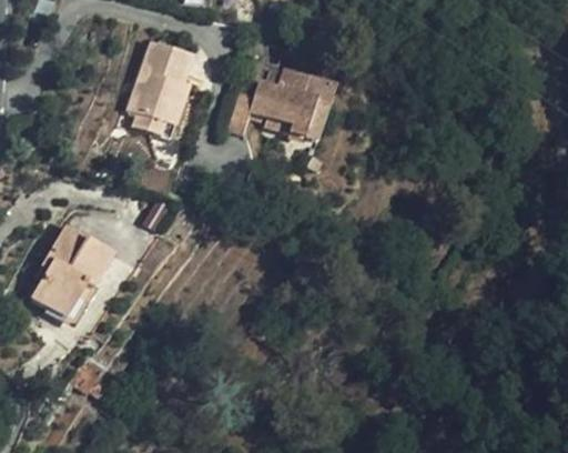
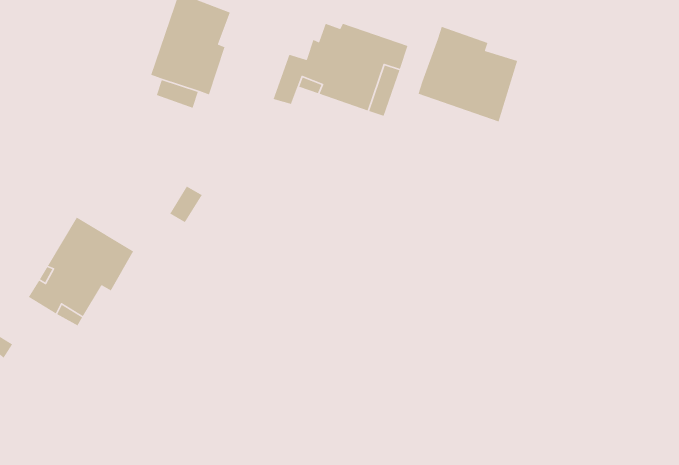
building: none -> [418,26,518,122]

